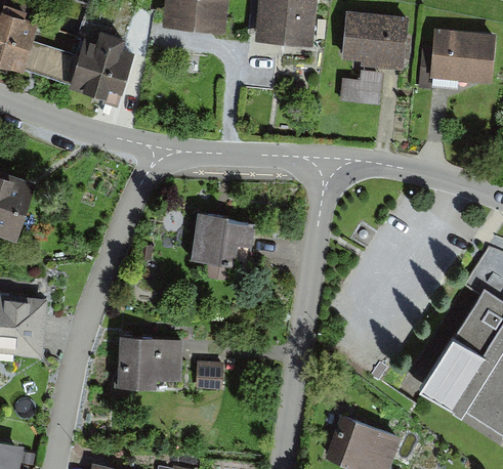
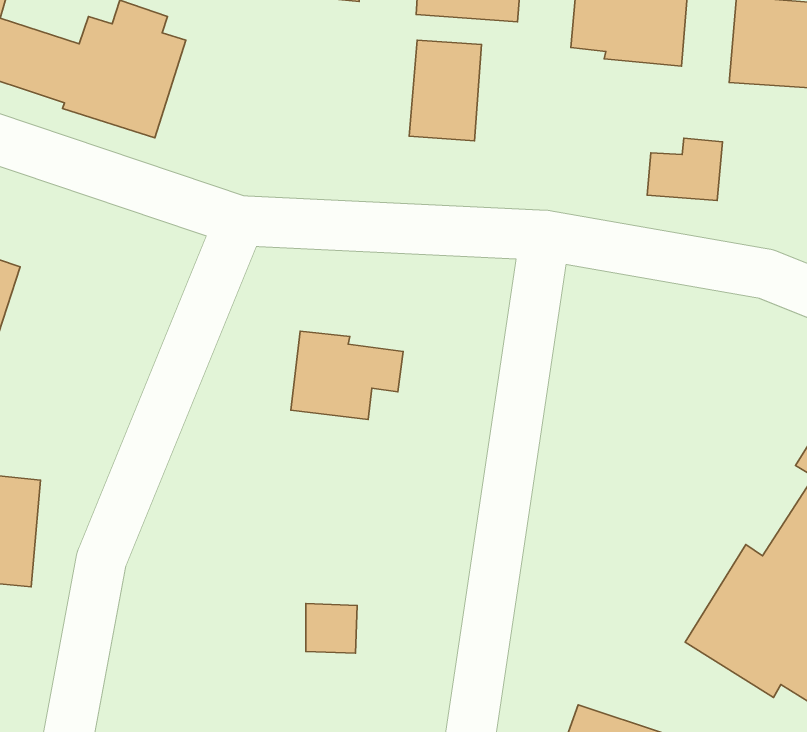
building: none -> [409,40,481,141]
building: [341,70,383,104] -> [647,138,723,201]
building: [112,337,184,395] -> none

